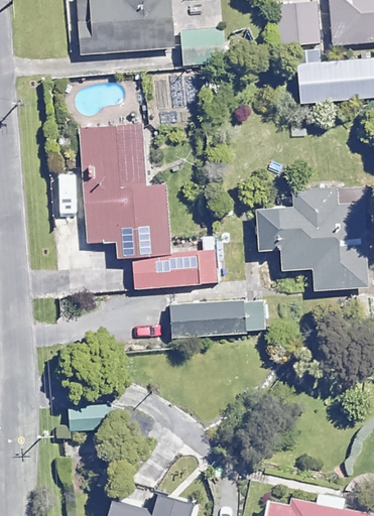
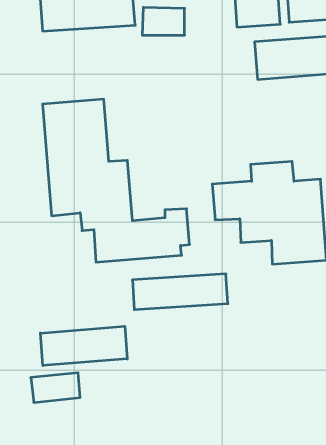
building: none -> [40,326,127,366]

